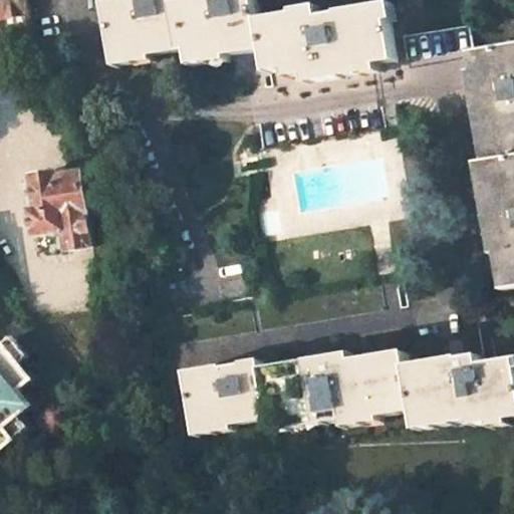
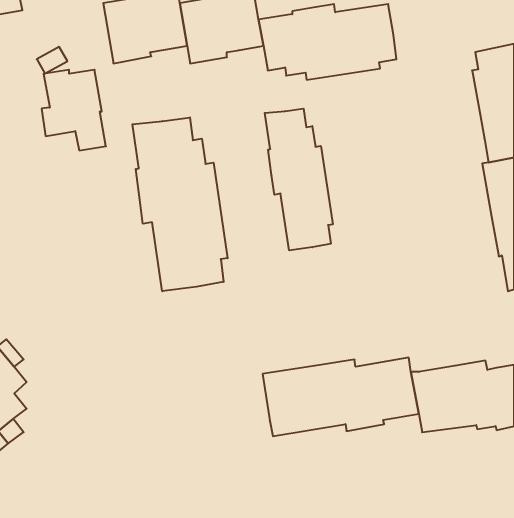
building: none -> [265,109,333,250]
building: none -> [132,117,228,291]
building: [23,169,86,248] -> [42,70,106,150]
building: [182,359,265,432] -> none

